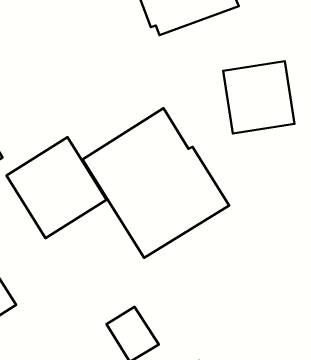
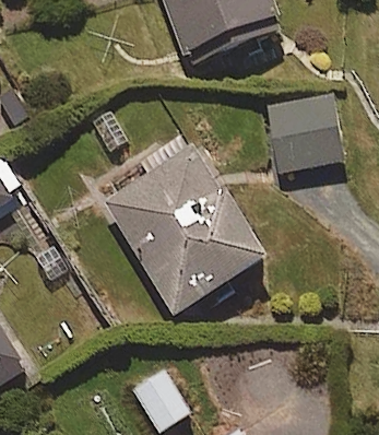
building: [6,137,107,238] -> none

